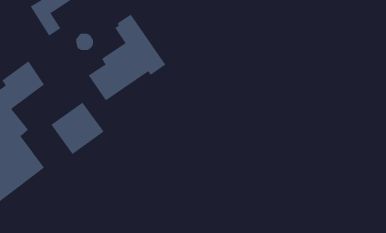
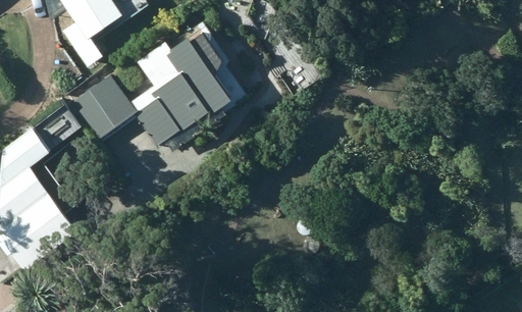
building: [50,102,105,155] -> [70,73,137,139]

